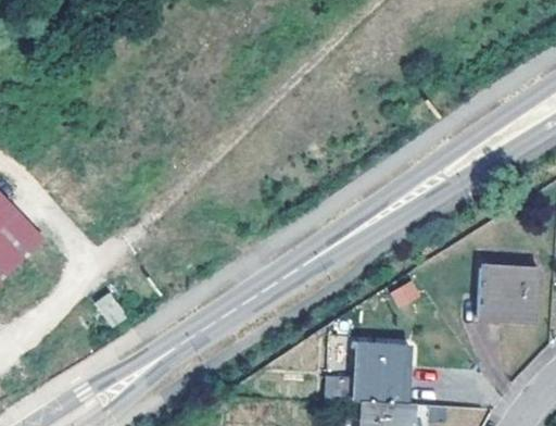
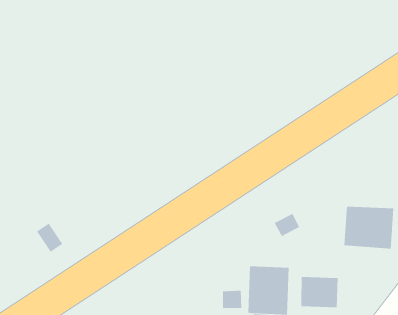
building: none -> [301,276,338,308]

